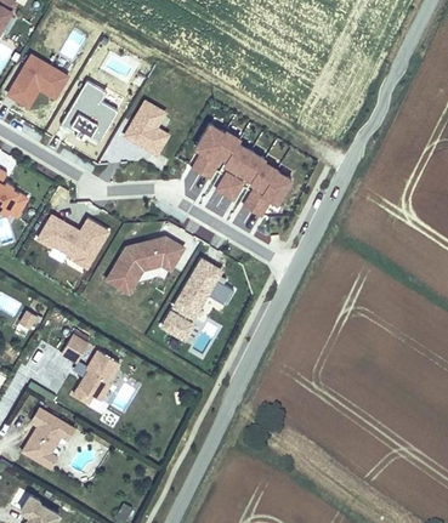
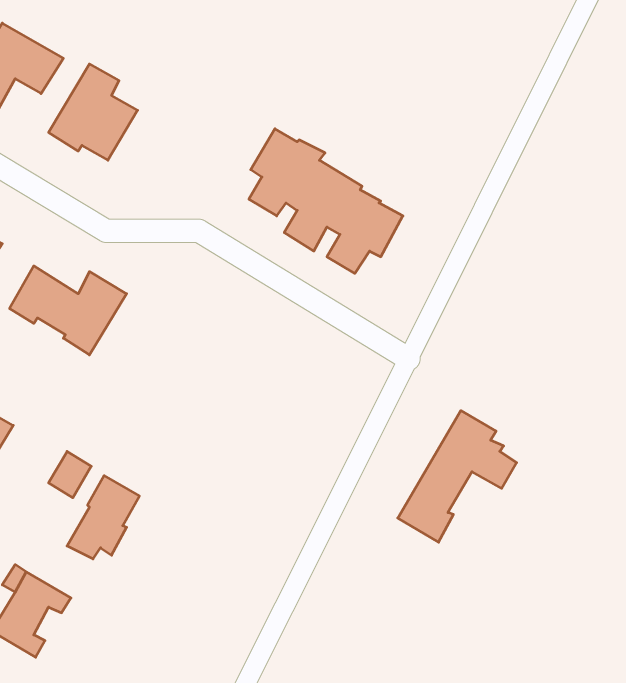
building: [123,98,171,157] -> none
building: [104,235,187,295] -> none
building: [159,256,237,342] -> [398,411,517,542]

